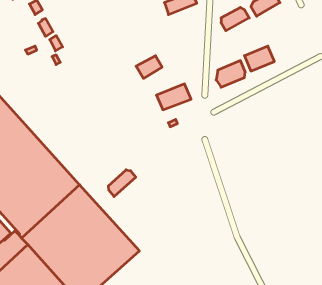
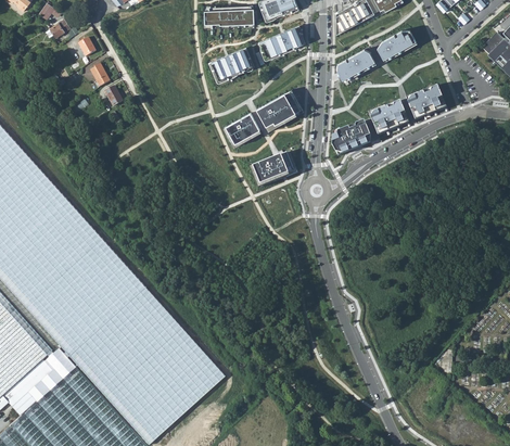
building: none -> [211,49,250,80]
building: none -> [404,86,444,119]
building: none -> [254,93,292,125]
building: [108,170,136,197] -> none

